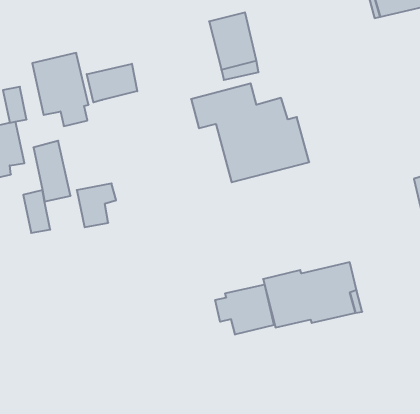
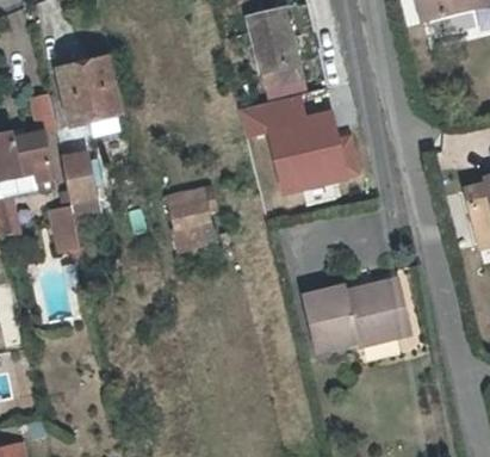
building: [87,64,137,102] -> none
building: [77,183,116,227] -> [170,202,212,248]
building: [215,285,274,335] -> none

